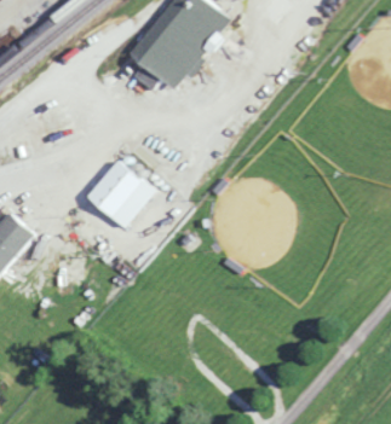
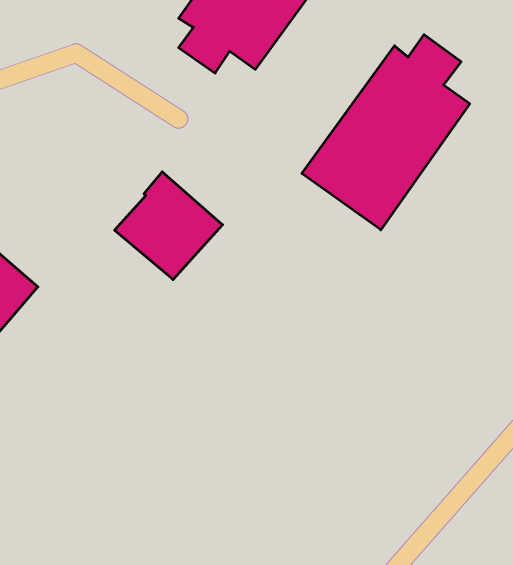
building: none -> [302,35,470,230]

